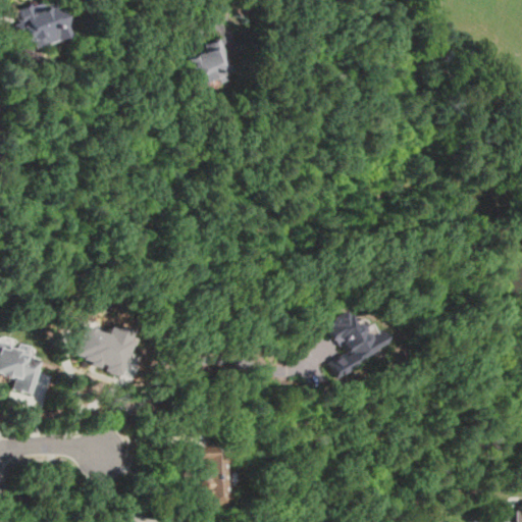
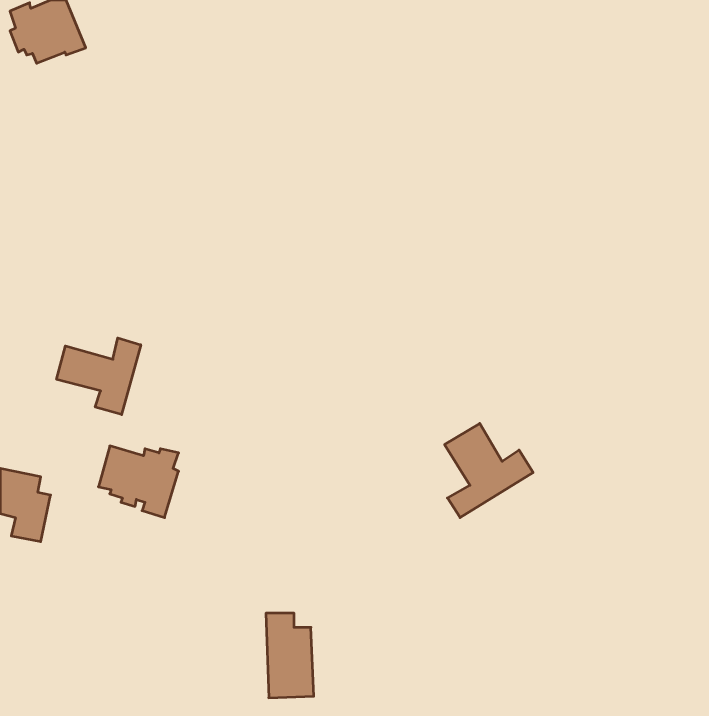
building: [191,39,242,88] -> none
building: none -> [57,338,141,415]

